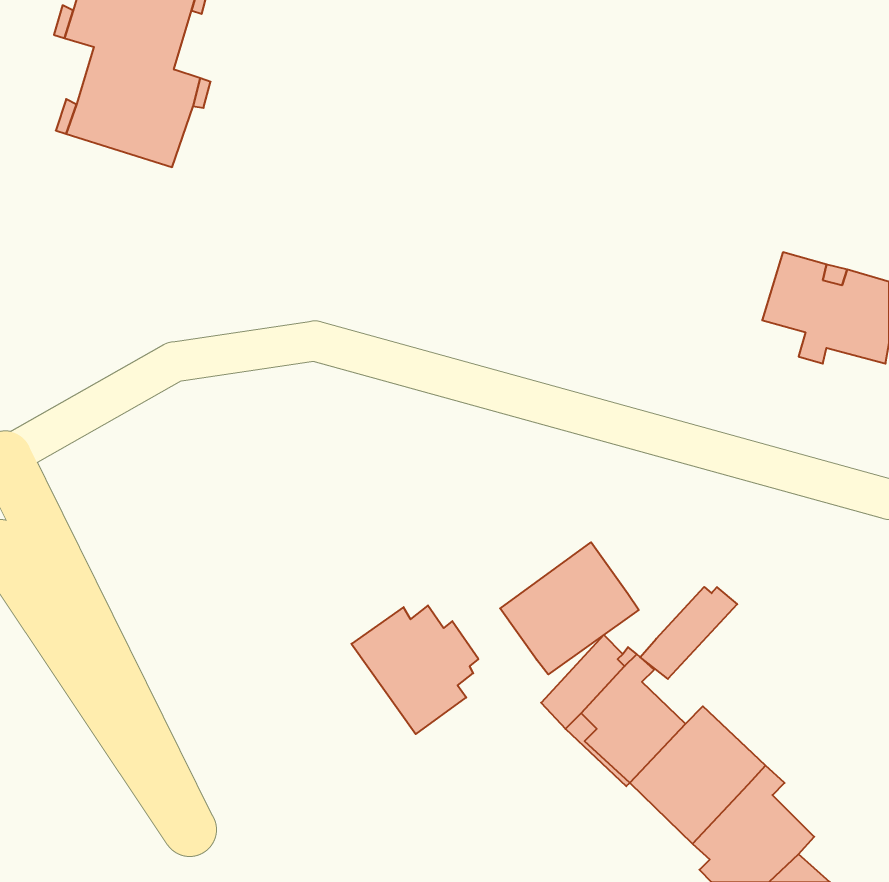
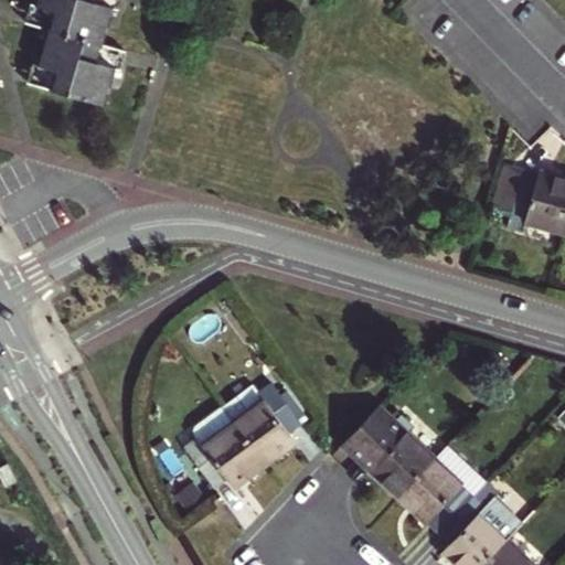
building: [500,542,639,674] -> none
building: [640,587,737,679] -> none
building: none -> [183,408,264,488]

